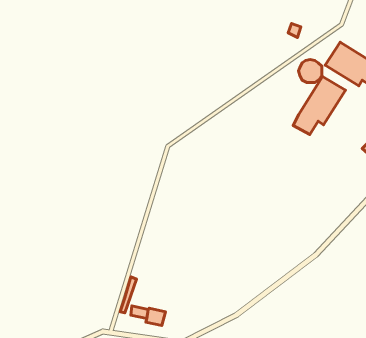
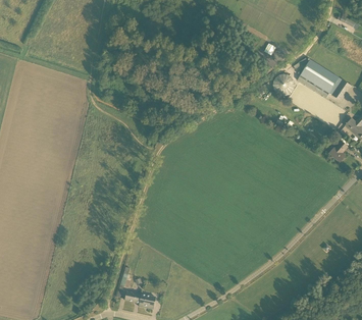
building: [293,76,345,135] -> none

